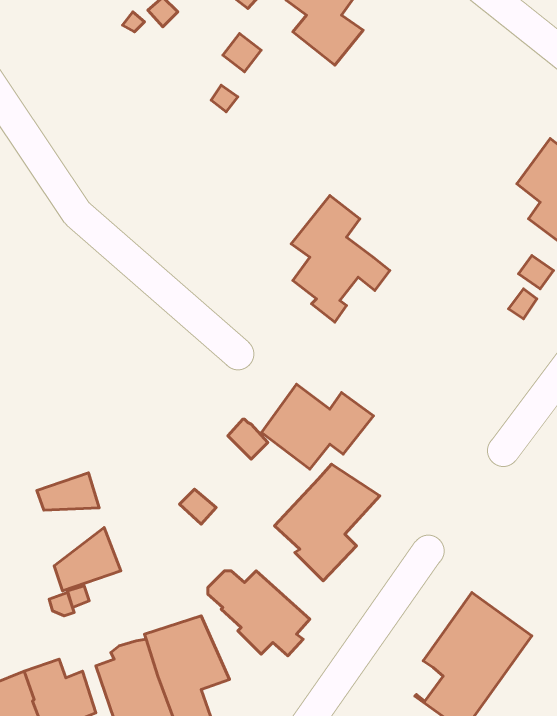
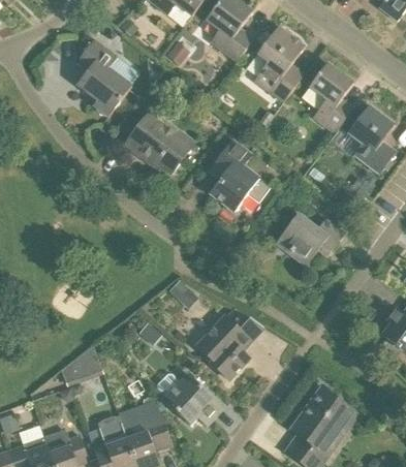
building: none -> [254,27,306,102]
building: none -> [76,38,130,117]
building: none -> [309,63,353,132]
building: none -> [125,114,194,174]
building: [261,384,373,469] -> [276,213,345,266]
building: [37,473,99,510] -> none

